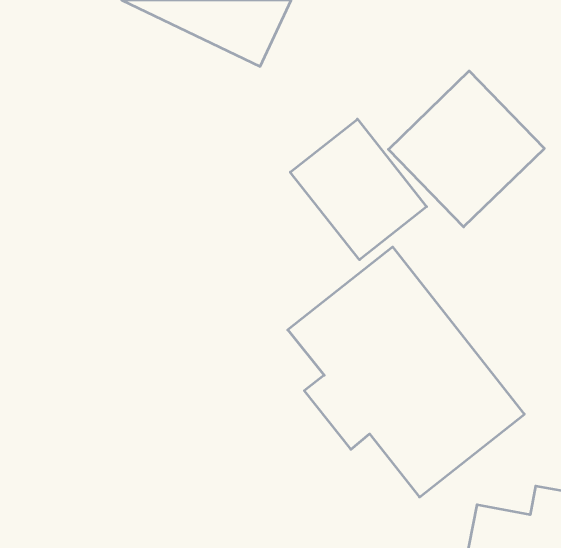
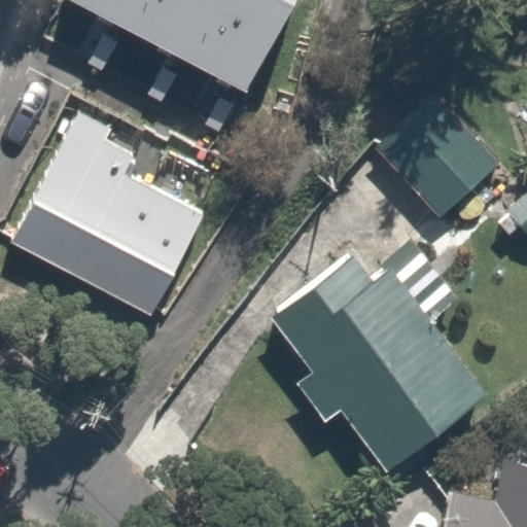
building: none -> [13,119,207,309]
building: [290,119,427,260] -> none

